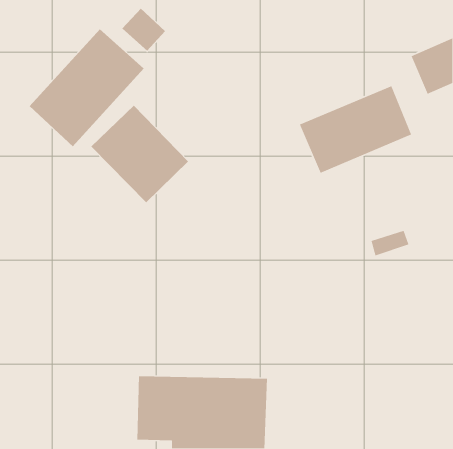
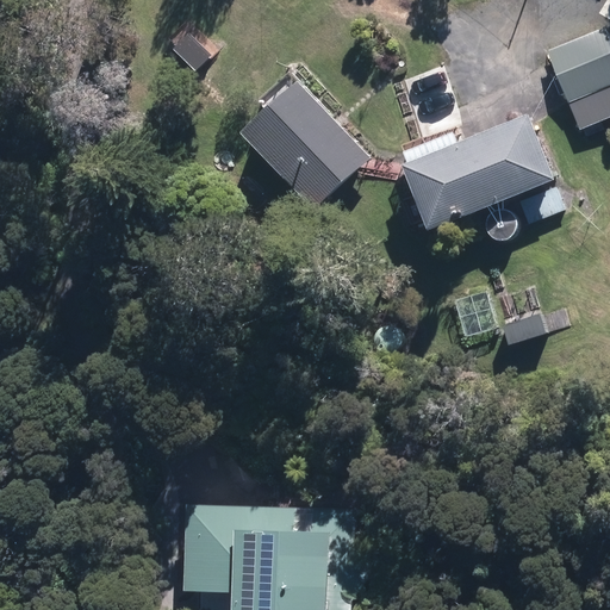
building: [29,29,144,147] -> none
building: [90,105,189,203] -> [238,81,371,213]

